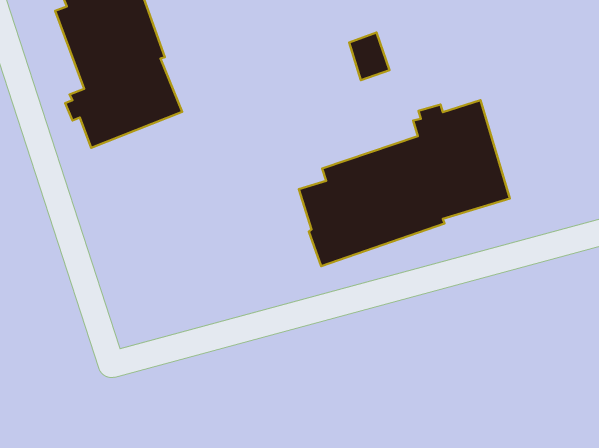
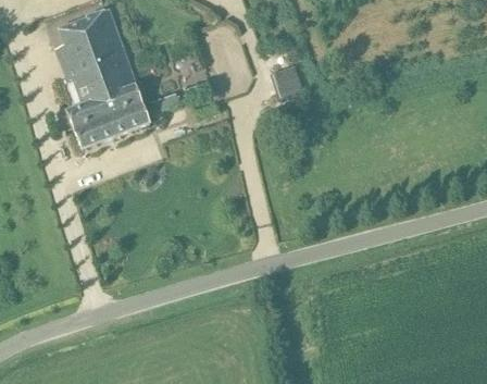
building: [299,100,510,266] -> none

